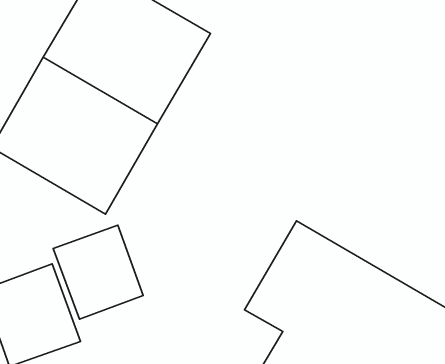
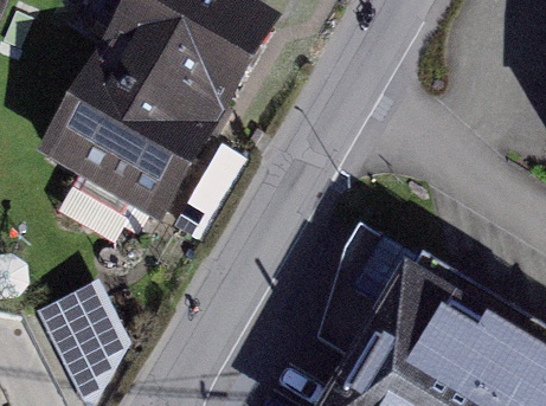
building: [53,225,143,319] -> none

